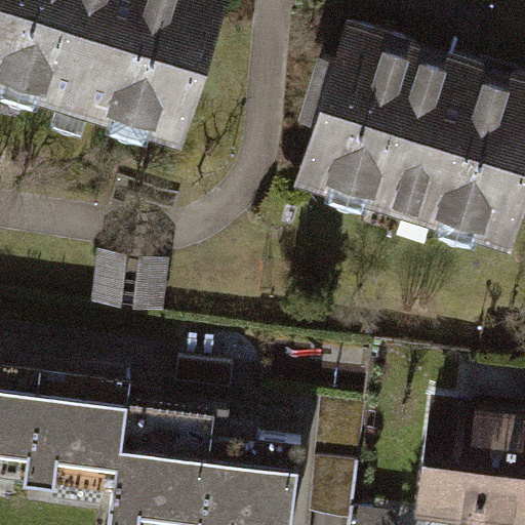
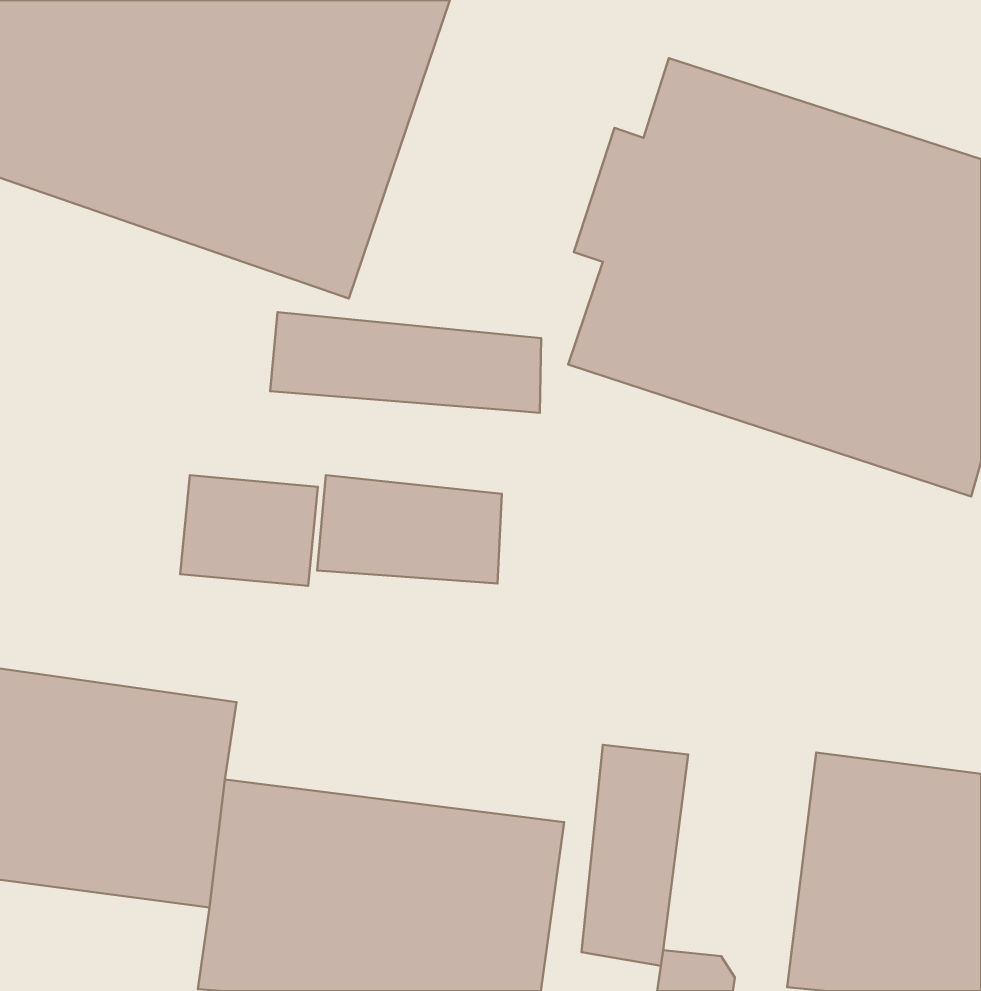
building: none -> [270,312,541,413]
building: none -> [317,475,502,583]

